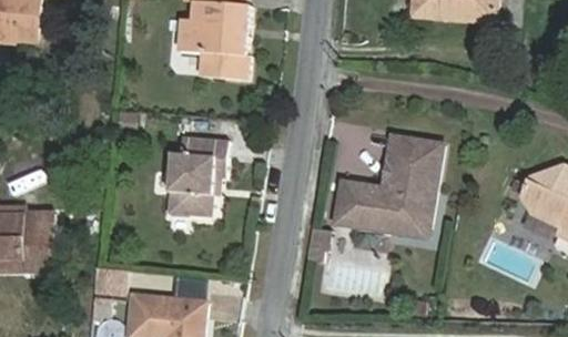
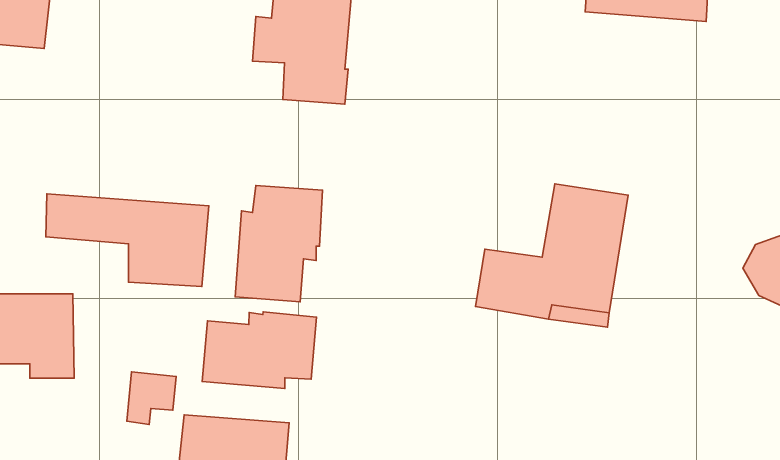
building: none -> [46,194,209,286]
building: none -> [202,312,317,388]

